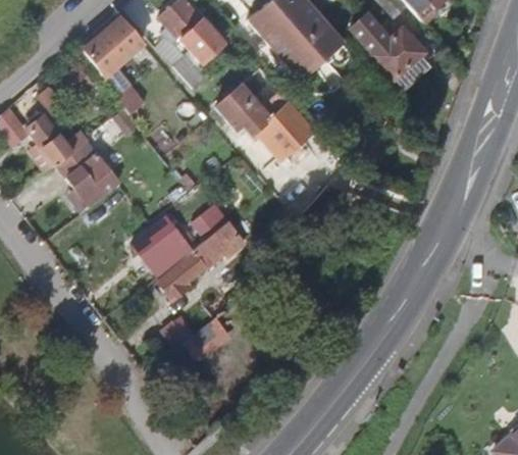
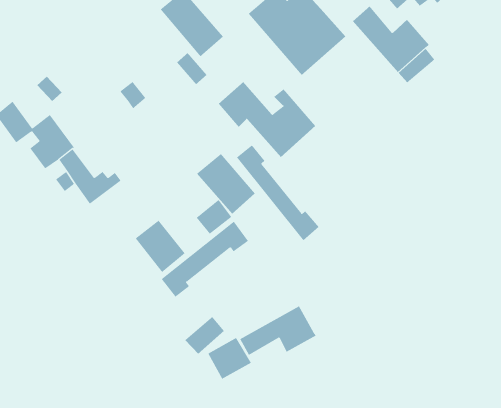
building: [85,18,143,74] -> none
building: none -> [236,144,319,241]
building: none -> [196,153,256,214]
building: none -> [239,305,317,356]

